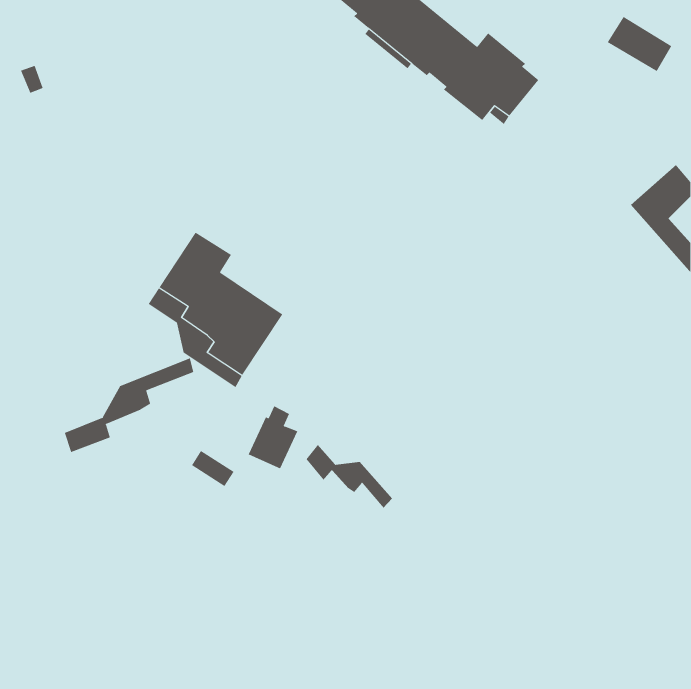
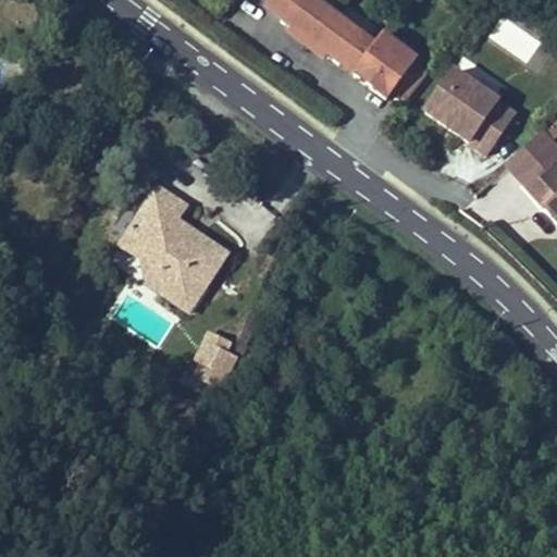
building: none -> [424,72,512,158]
building: [64,358,194,453] -> none
building: [306,444,393,508] -> none

